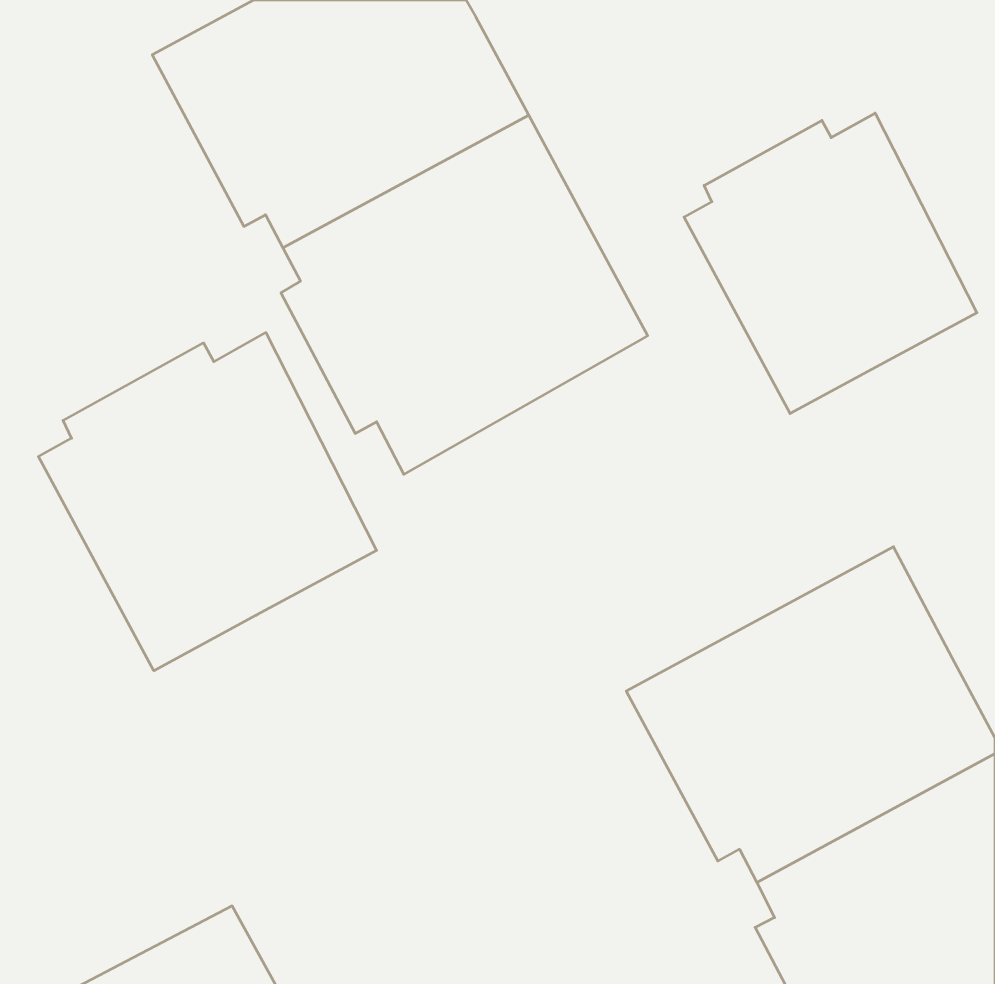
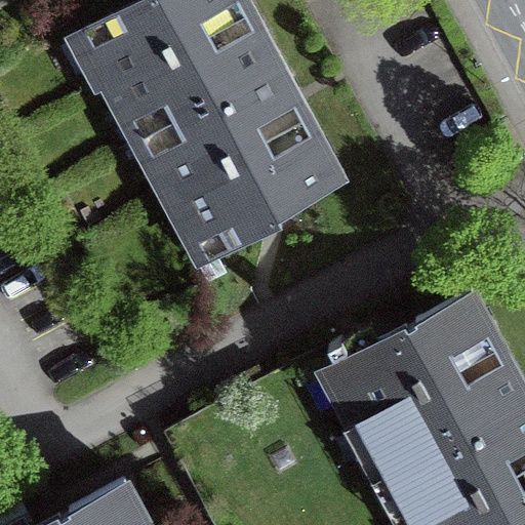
building: [684,113,977,414] -> none
building: [38,333,377,671] -> none

